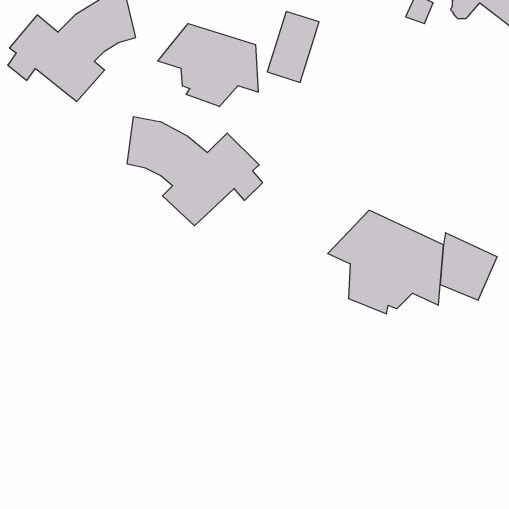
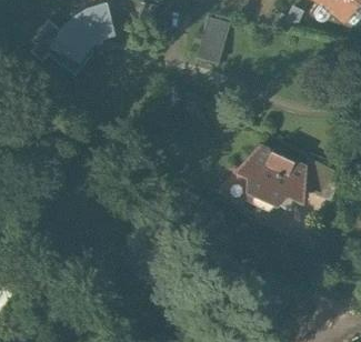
building: [158,24,258,107] -> none
building: [127,117,263,226] -> none

